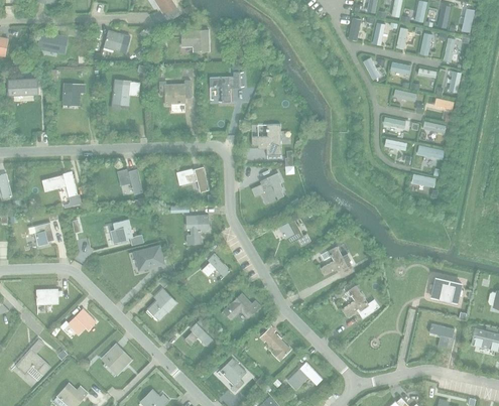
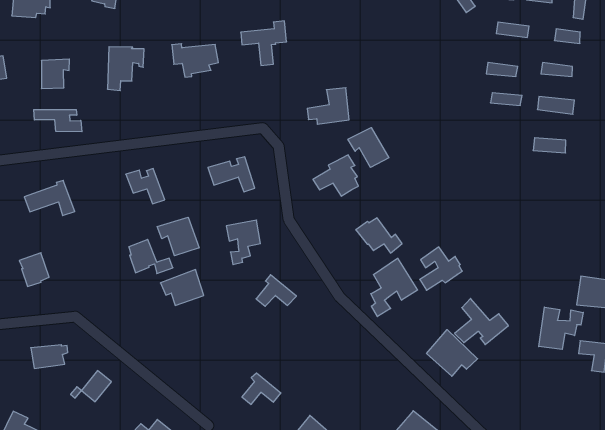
building: none -> [34,110,82,132]
building: none -> [348,128,389,167]
building: none -> [157,217,199,256]
building: none -> [371,258,418,317]
building: [147,288,175,320] -> none
building: [226,293,259,317] -> none
building: none -> [539,307,583,349]
building: none -> [427,330,478,376]
building: [259,326,289,360] -> none

